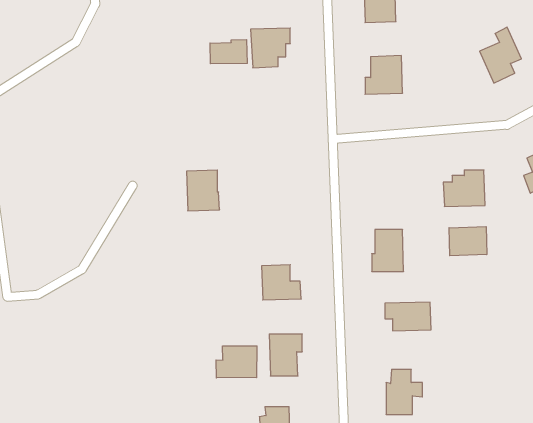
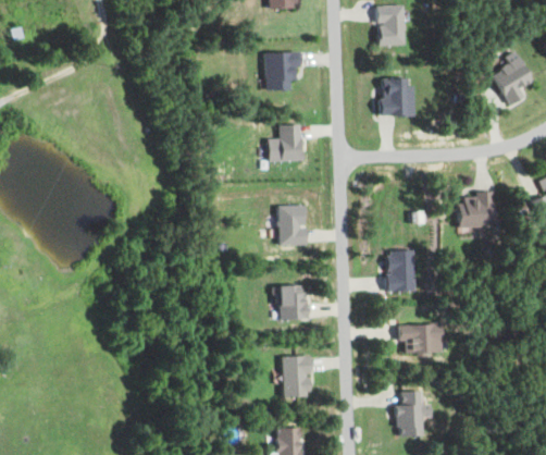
building: [210,40,247,64] -> none
building: none -> [266,125,305,162]
building: [187,170,220,211] -> [277,206,310,246]
building: [449,227,487,256] -> none
building: [216,346,257,378] -> none

